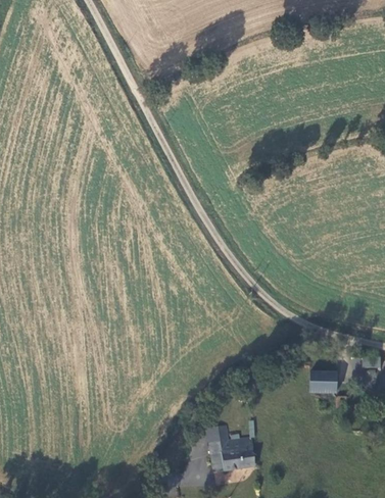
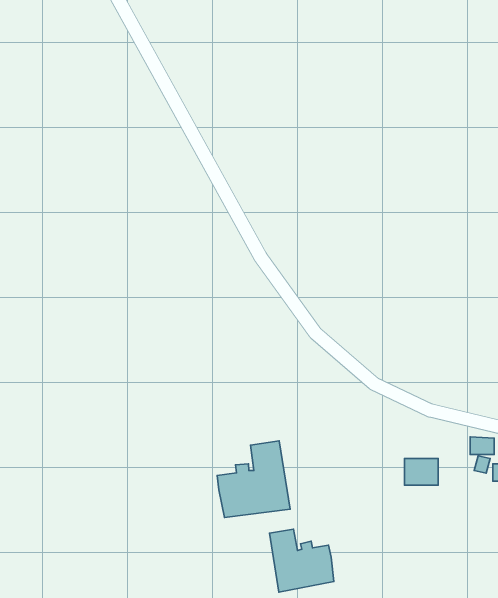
building: none -> [217,441,290,517]

